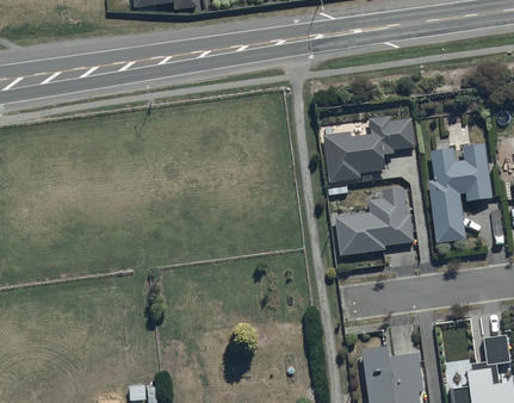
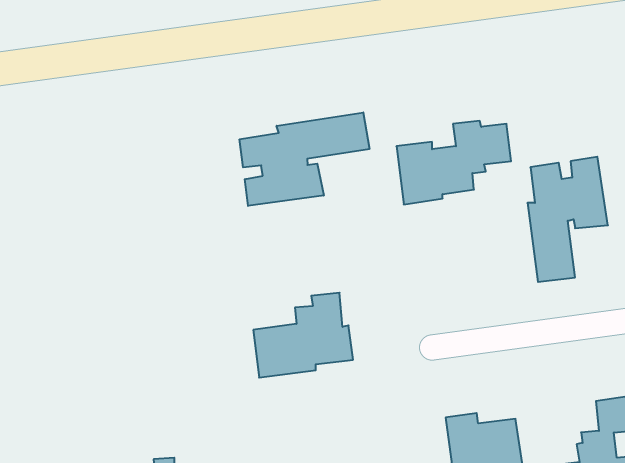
building: none -> [240,112,369,206]
building: [335,190,415,258] -> [253,293,353,378]

